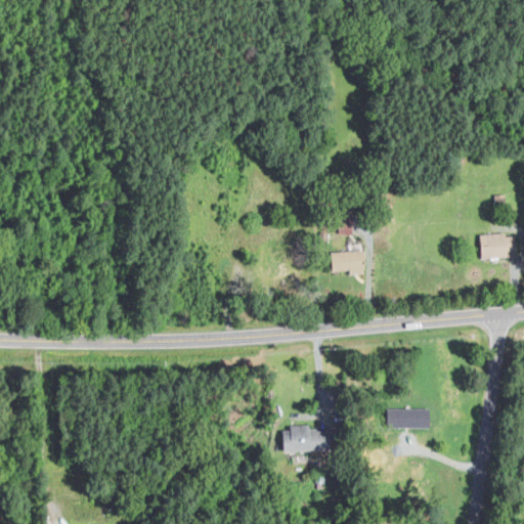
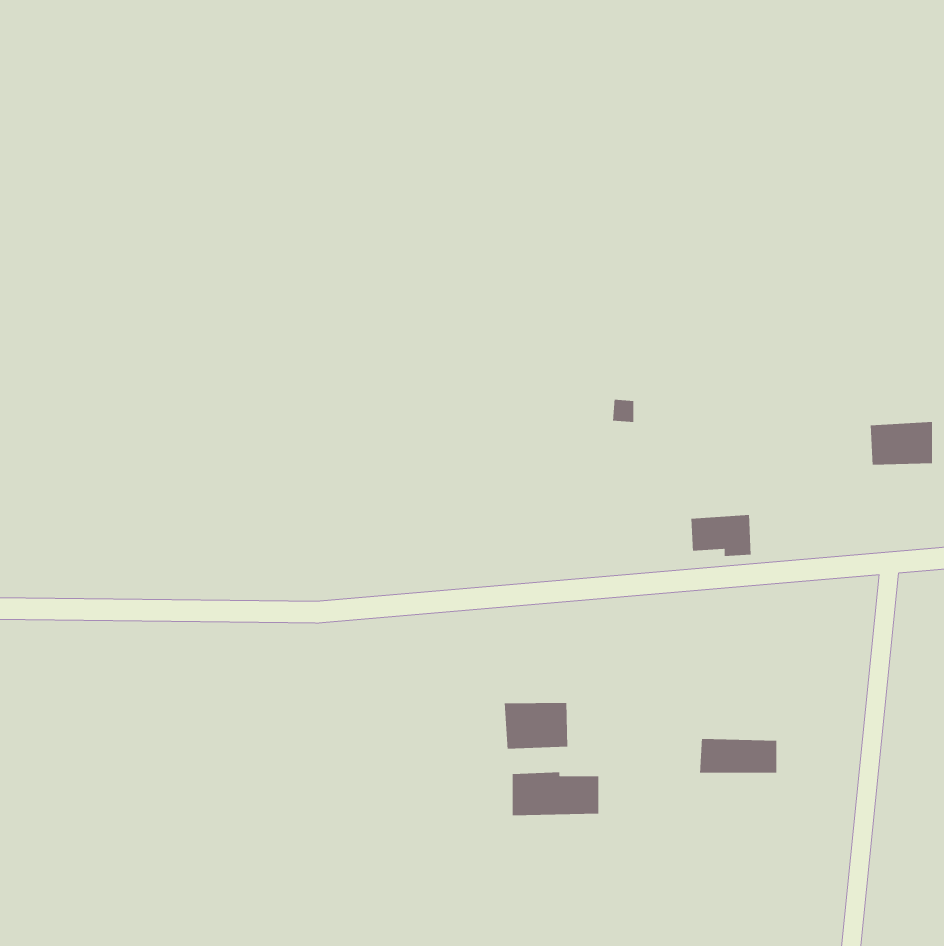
building: [331,251,364,274] -> [690,514,752,557]
building: none -> [504,702,568,749]

